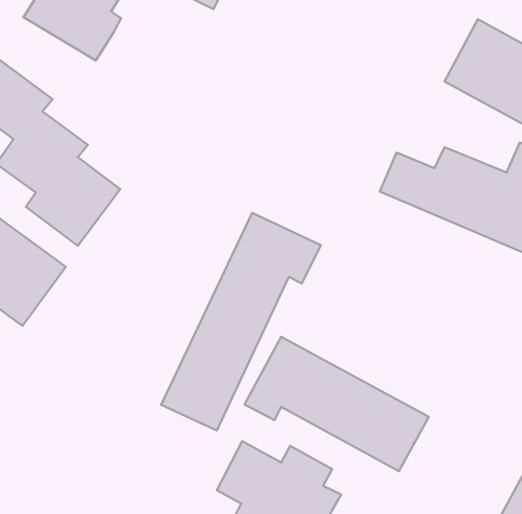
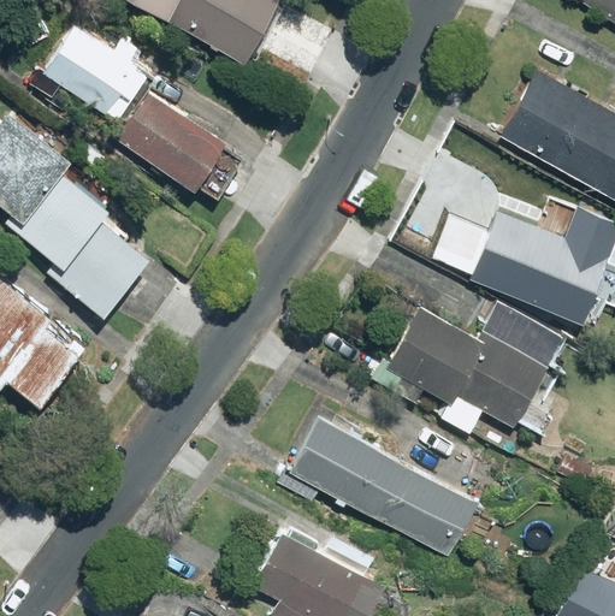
building: none -> [108,87,227,189]
building: [161,213,321,430] -> none
building: none -> [367,308,563,436]

